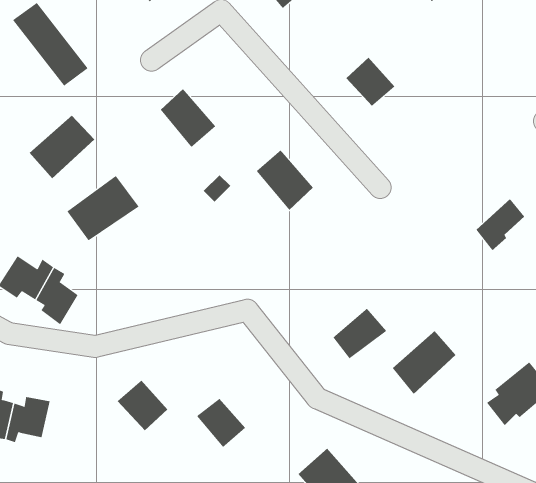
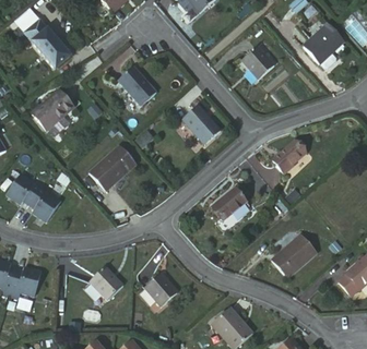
building: none -> [304,23,343,68]
building: [67,175,140,241] -> [90,146,138,190]
building: [475,198,525,251] -> [271,140,304,174]
building: [332,308,387,359] -> [211,182,247,216]

